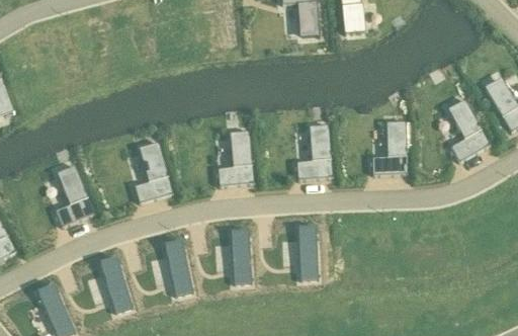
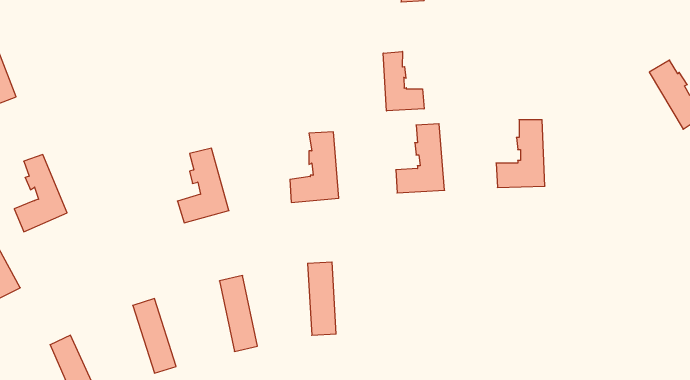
building: none -> [383,51,424,111]
building: [449,99,489,160] -> none
building: [54,168,93,226] -> [14,155,67,232]
building: [297,226,317,280] -> none

